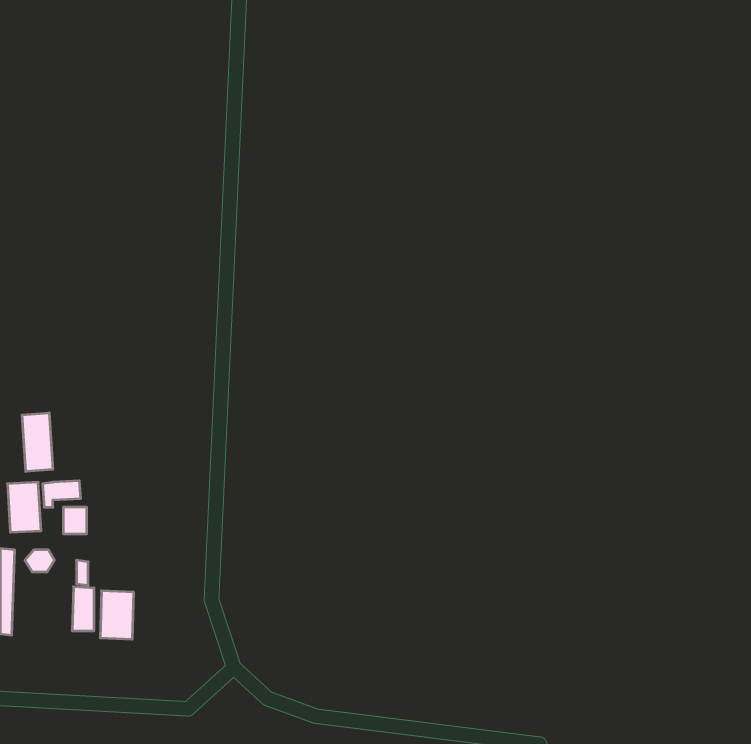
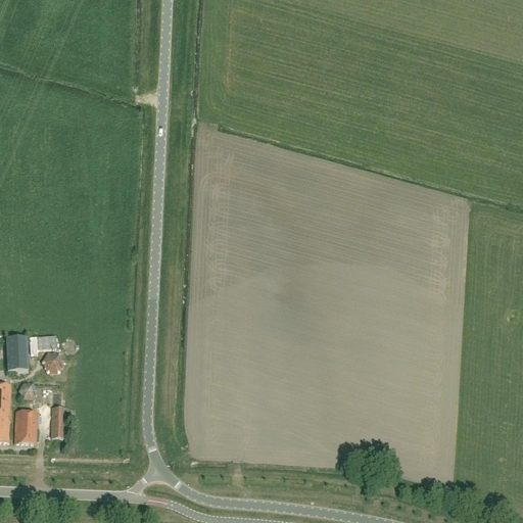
building: [22,413,53,472] -> none
building: [100,591,134,639] -> [14,409,38,442]

